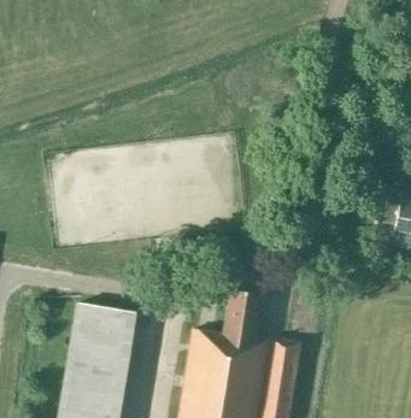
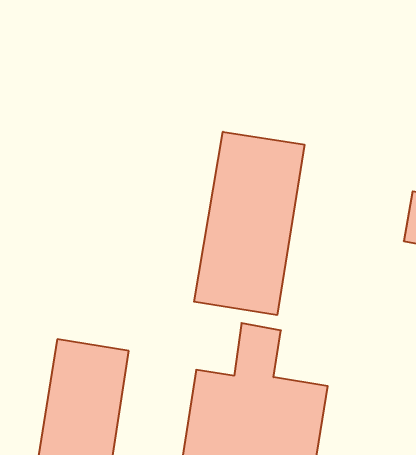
building: none -> [194,132,304,315]

